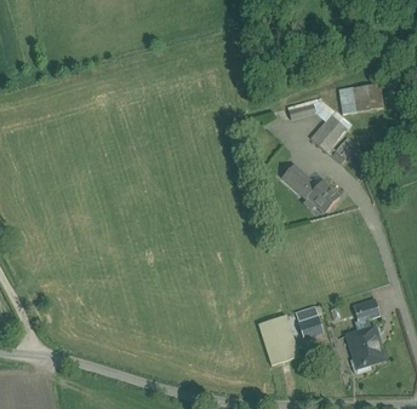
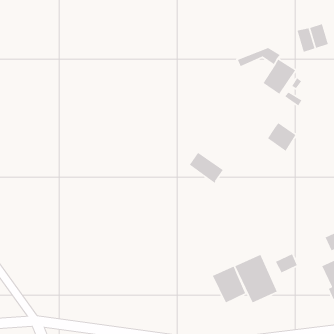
building: [281,163,316,198] -> [189,152,224,184]
building: none -> [212,265,246,304]

